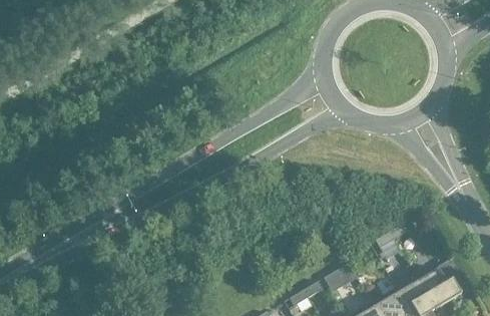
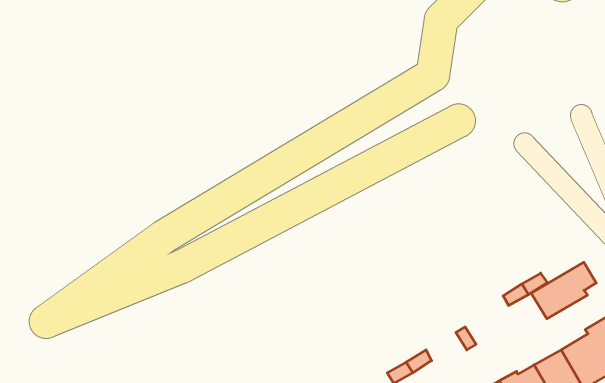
building: none -> [531,262,596,319]

